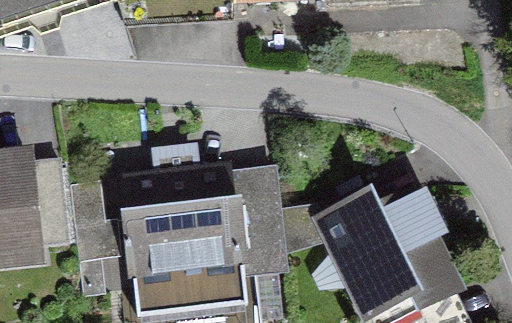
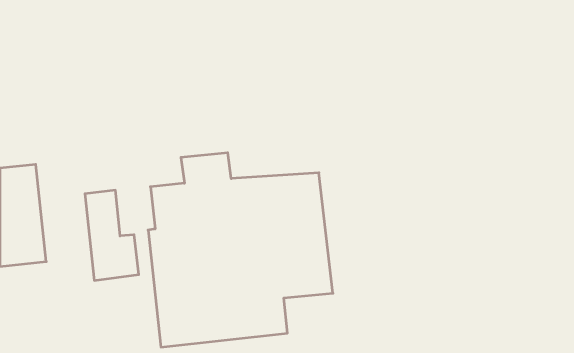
building: [322,194,456,313] -> none

